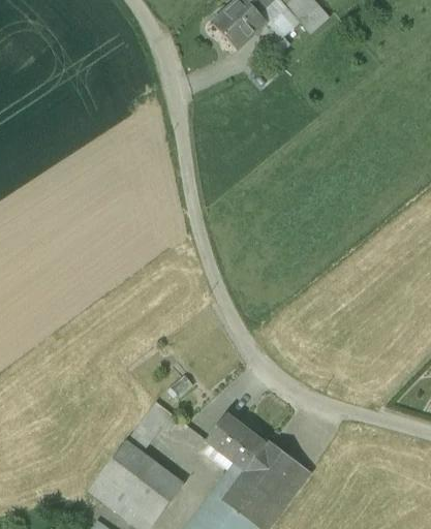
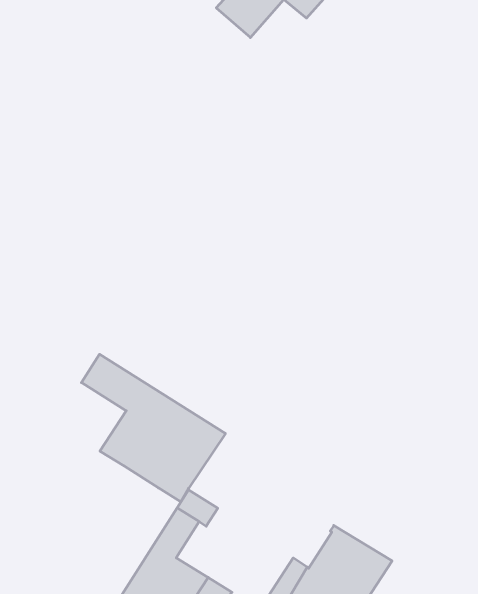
building: none -> [81,354,225,502]
building: [207,414,267,471] -> none

